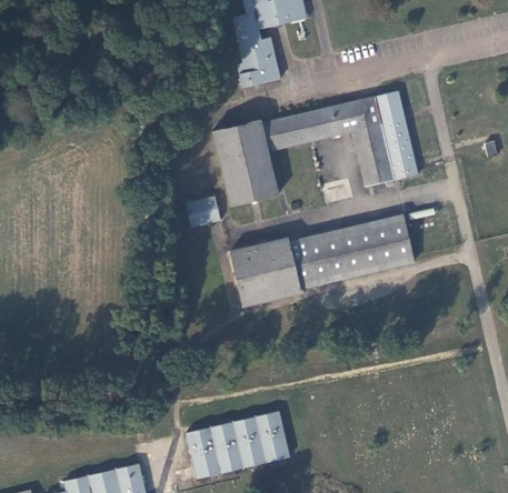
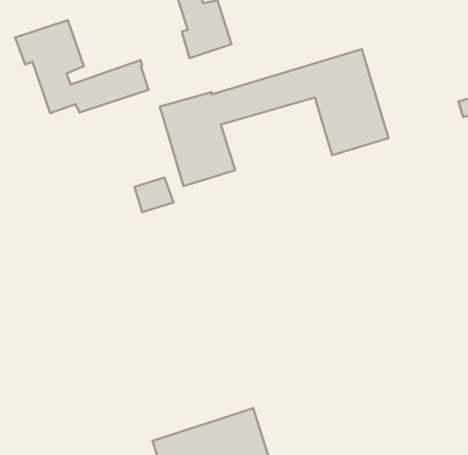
building: none -> [15,20,149,113]
building: [232,215,414,305] -> none

